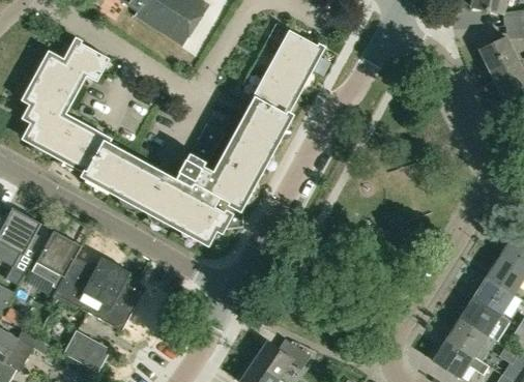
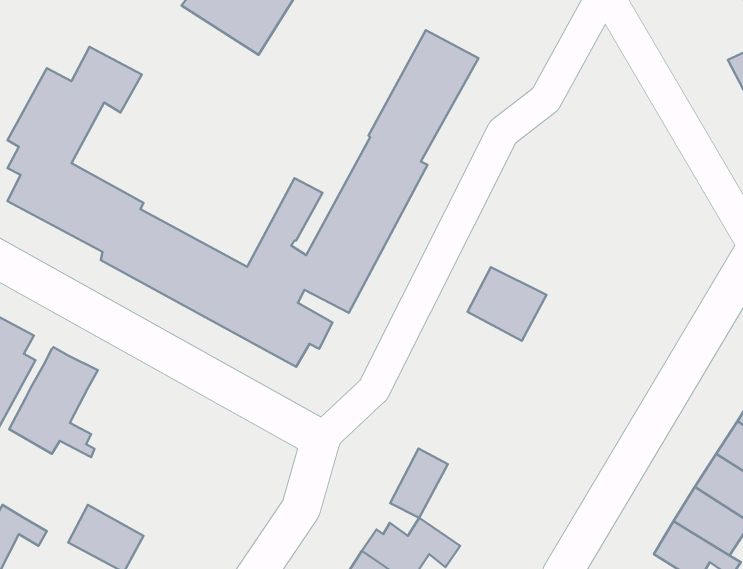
building: none -> [468,267,547,341]
building: [53,256,142,330] -> none
building: none -> [390,448,448,518]

